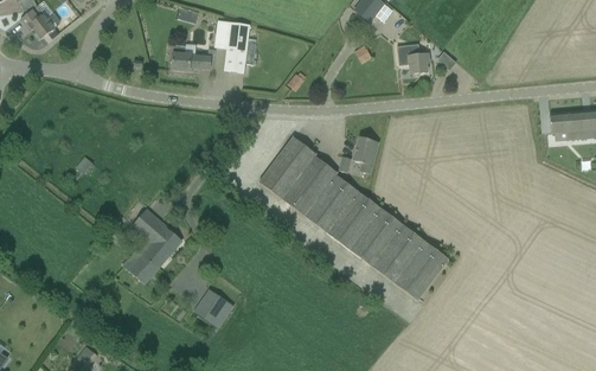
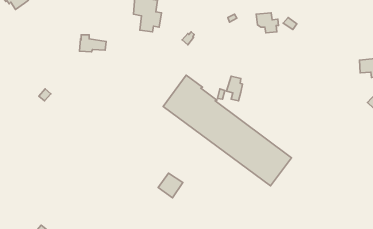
building: [171,45,210,70] -> [80,35,106,52]
building: [122,209,181,282] -> none
building: [194,289,231,326] -> [158,173,183,198]

